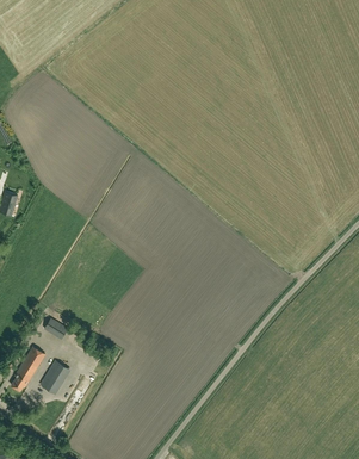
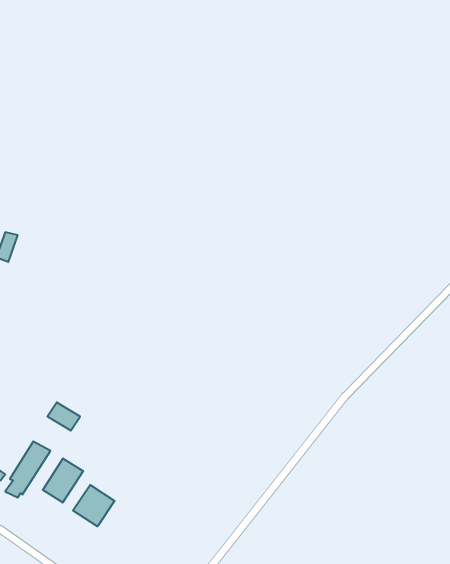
building: none -> [73,485,115,526]

